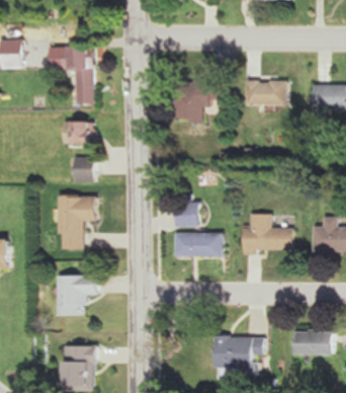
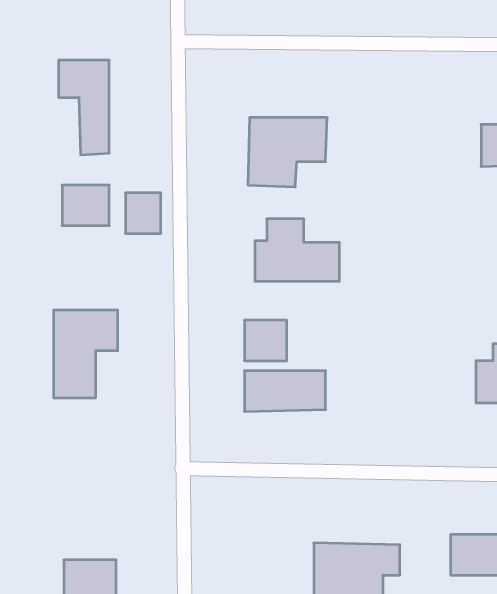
building: [245,81,288,106] -> none
building: [72,158,93,182] -> [125,193,161,233]
building: [240,214,290,251] -> [255,219,339,281]
building: [56,276,97,316] -> none

